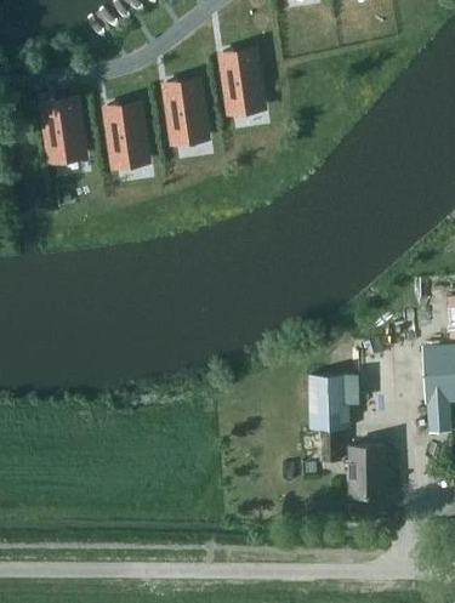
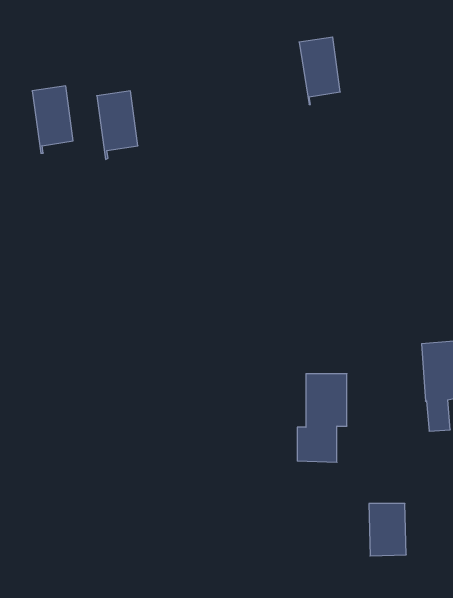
building: [221,51,261,116] -> [299,37,340,104]
building: [165,81,205,147] -> none
building: [348,448,385,499] -> [369,504,406,556]

